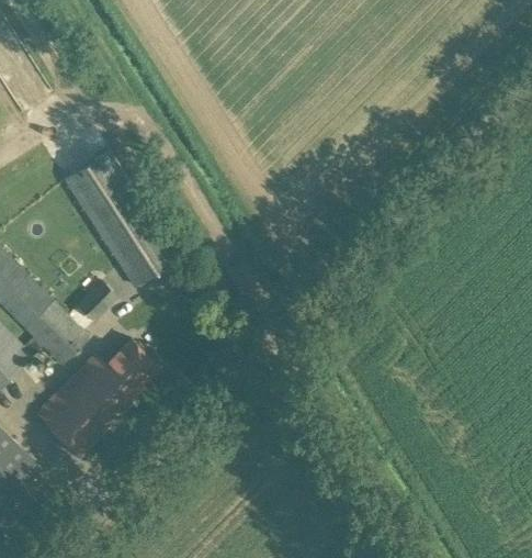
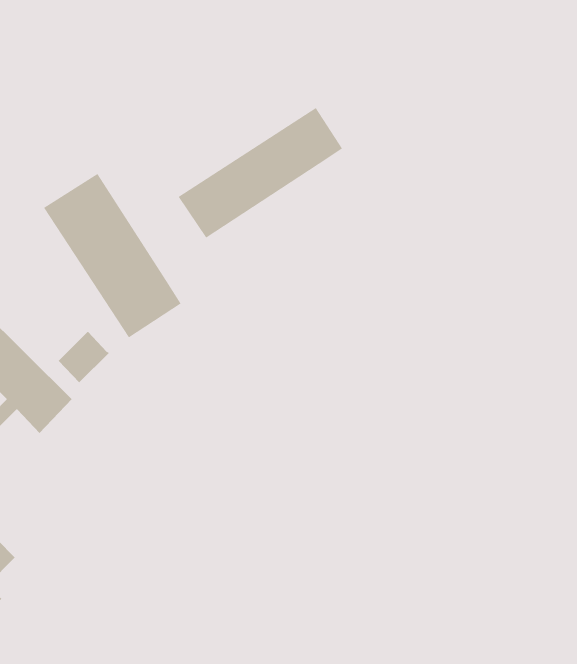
building: none -> [178,107,343,239]
building: [35,339,158,457] -> none

